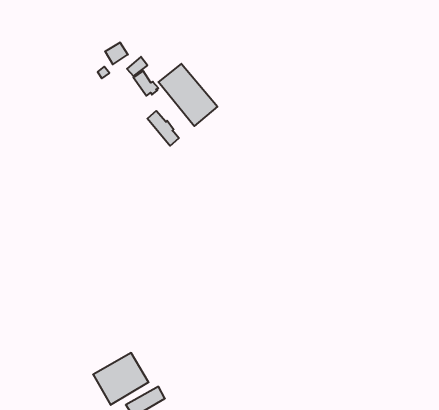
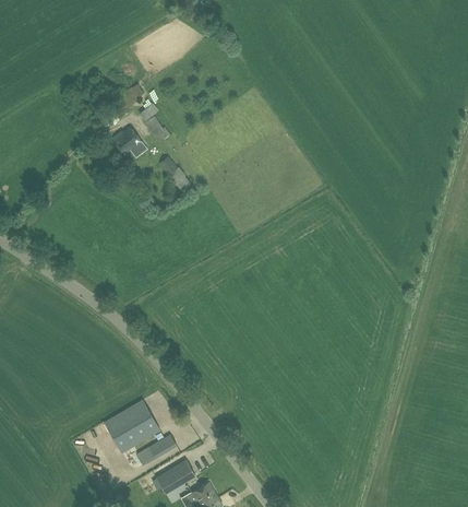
building: [158,64,217,126] -> none
building: none -> [110,126,146,157]

